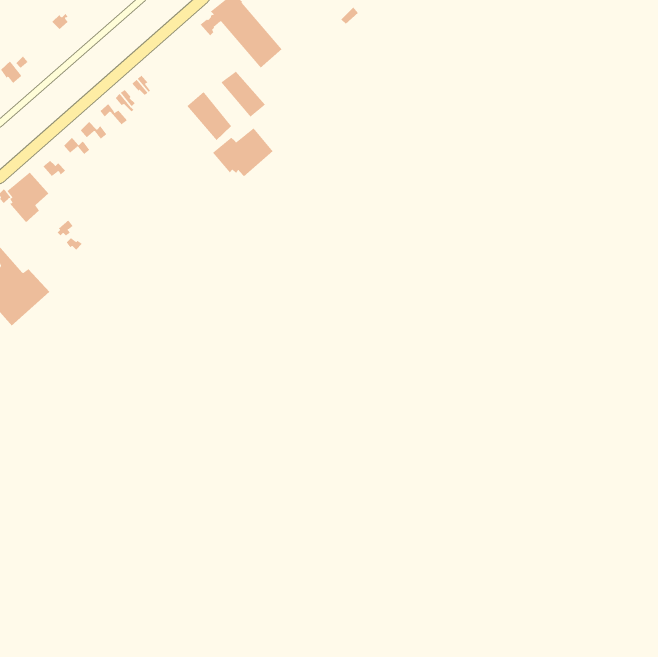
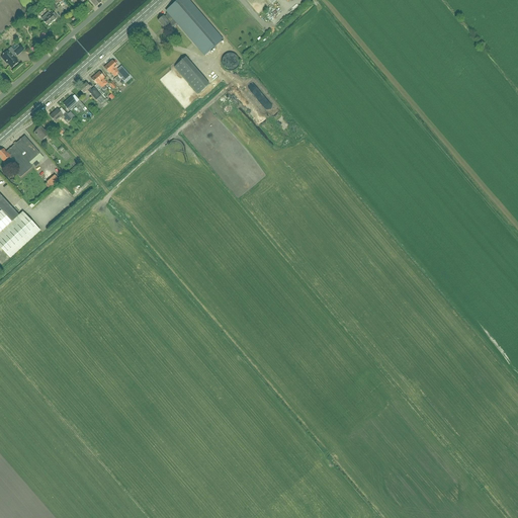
building: [187,91,232,141] -> none
building: [212,127,273,177] -> none

